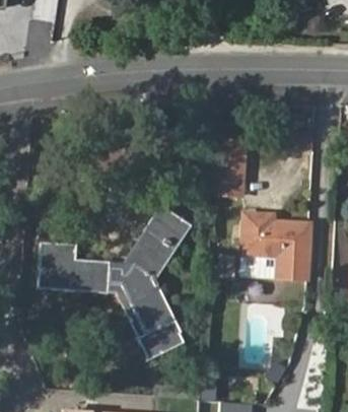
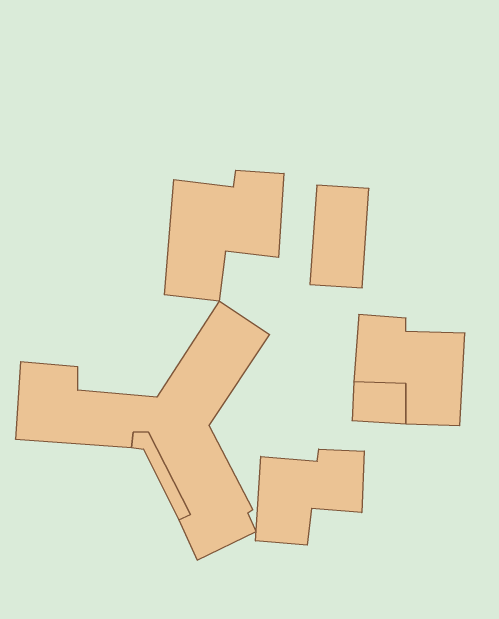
building: none -> [164,170,284,301]
building: none -> [256,449,364,545]

